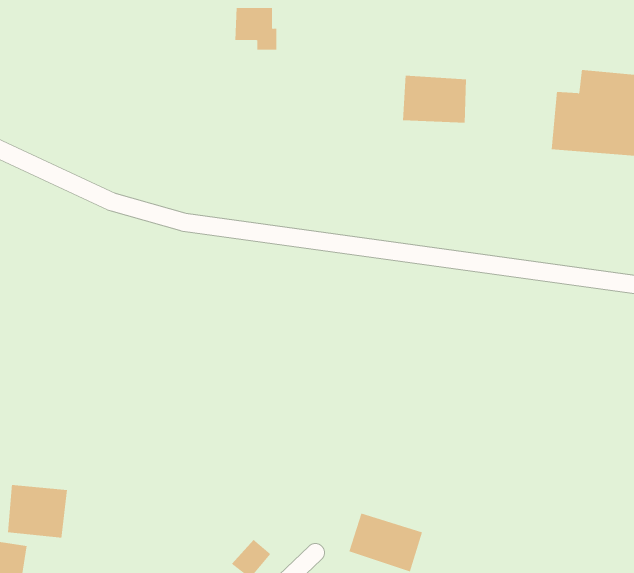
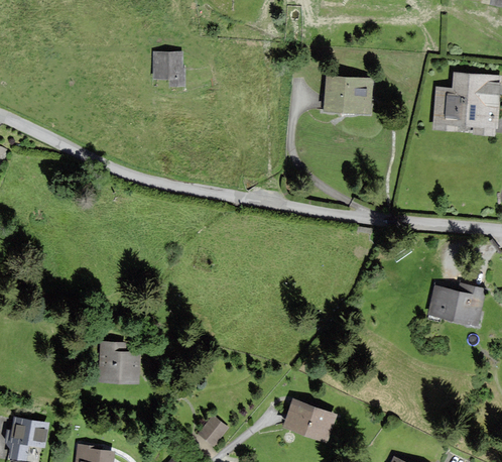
building: [234,8,277,50] -> [151,53,182,85]
building: none -> [428,284,484,326]
building: [7,484,68,538] -> [99,347,143,386]

